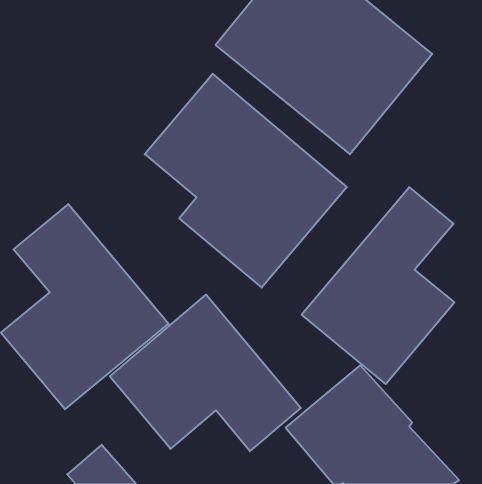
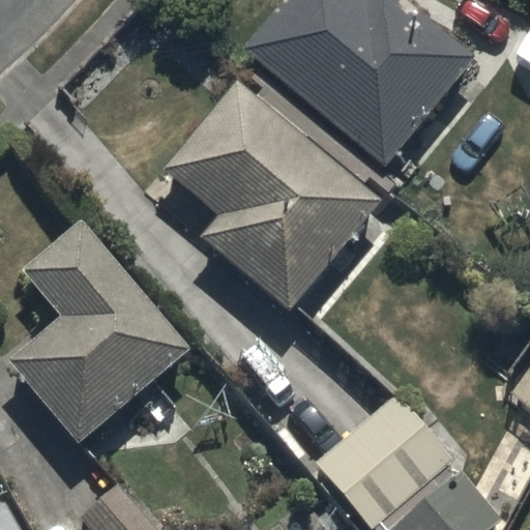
building: [302,187,454,384] -> none
building: [110,295,301,451] -> none

